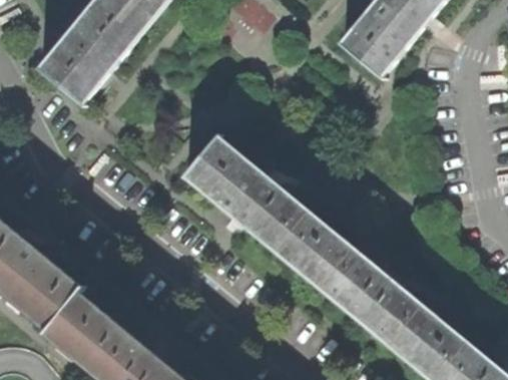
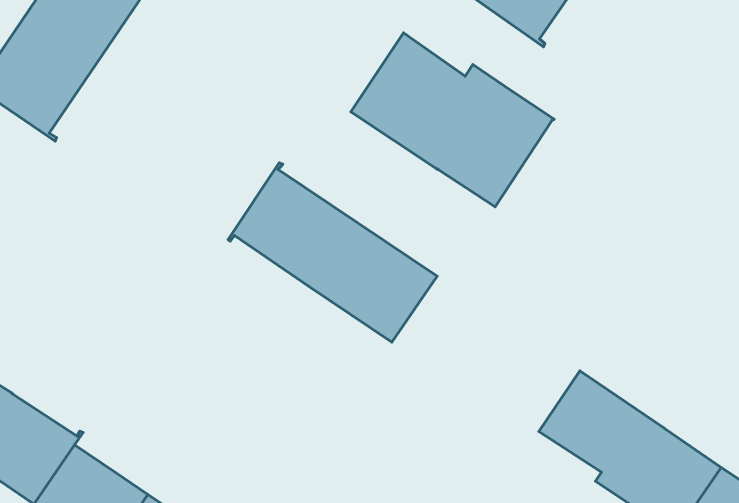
building: none -> [351,33,554,207]
building: [273,211,384,310] -> none

